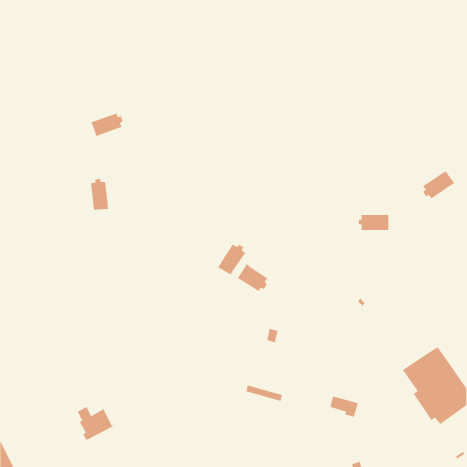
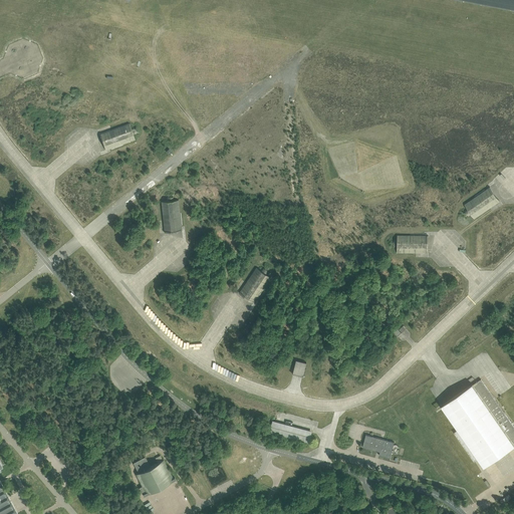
building: [90,178,109,210] -> [161,198,181,233]
building: [237,263,269,292] -> none
building: [77,406,115,441] -> [133,458,175,496]

